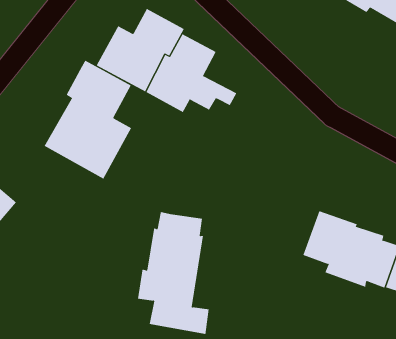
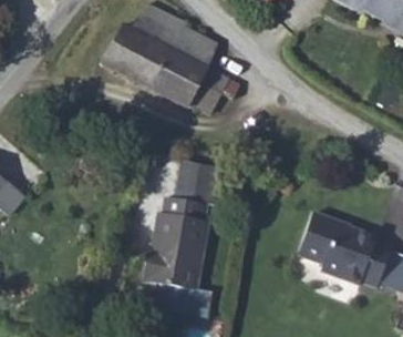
building: [44,60,132,179] -> none
building: none -> [173,164,217,213]

